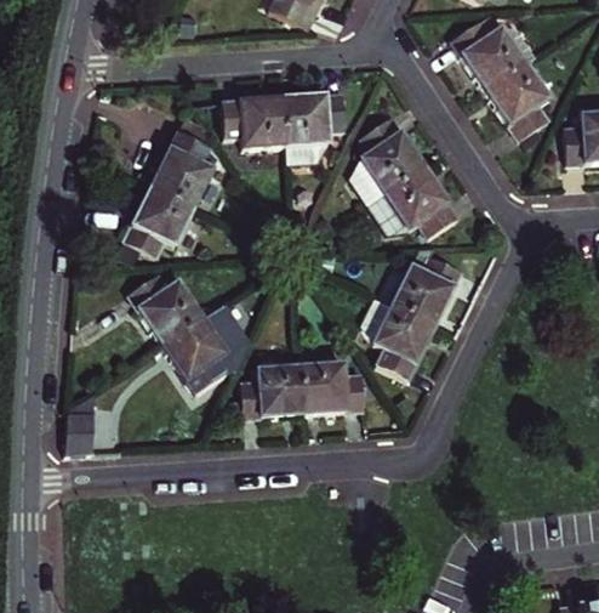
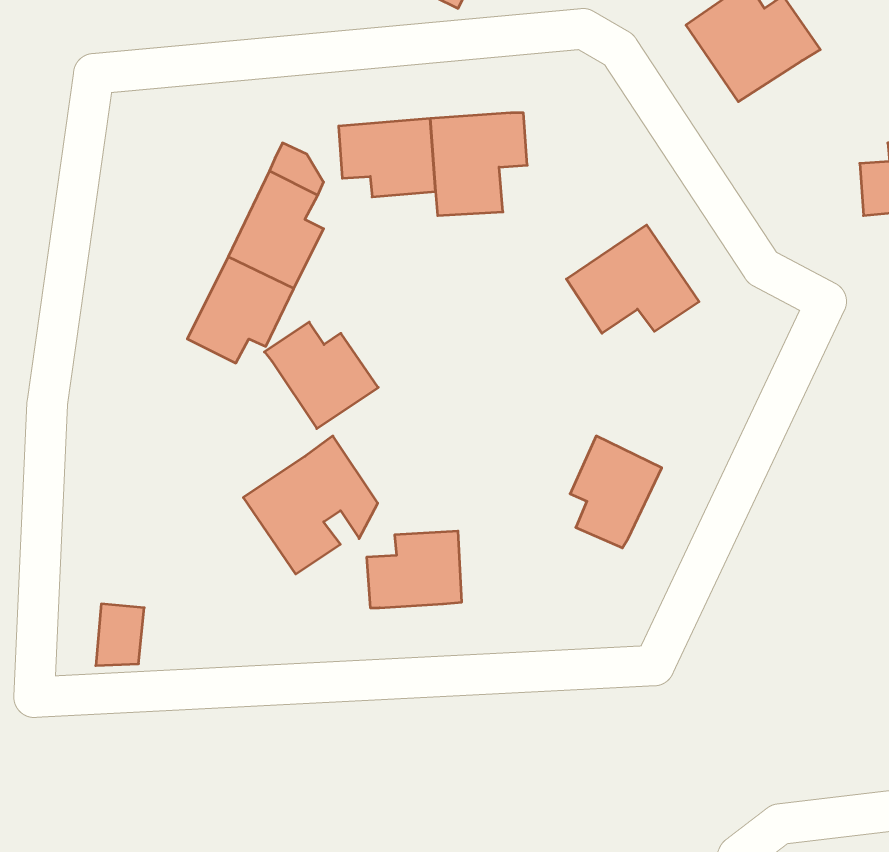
building: [483,59,547,136] -> none
building: [347,117,423,203] -> none
building: [390,245,460,324] -> none
building: [127,274,201,344] -> [264,322,378,429]
building: [301,362,365,411] -> none

